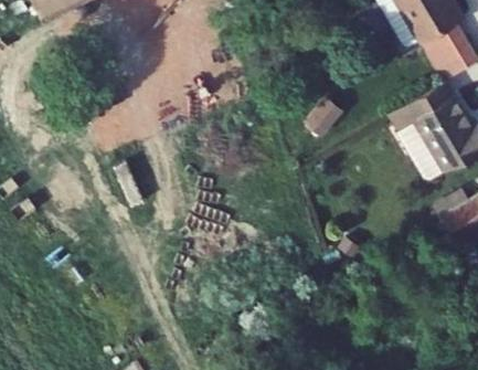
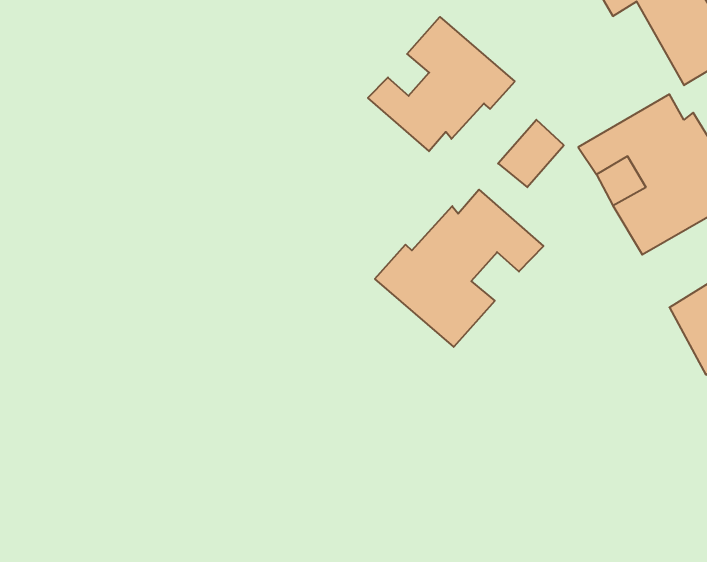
building: none -> [368,17,515,151]
building: none -> [375,190,543,347]

